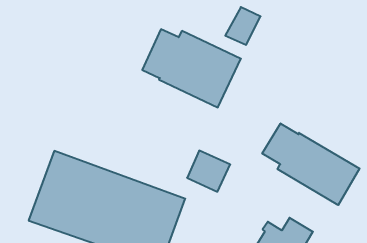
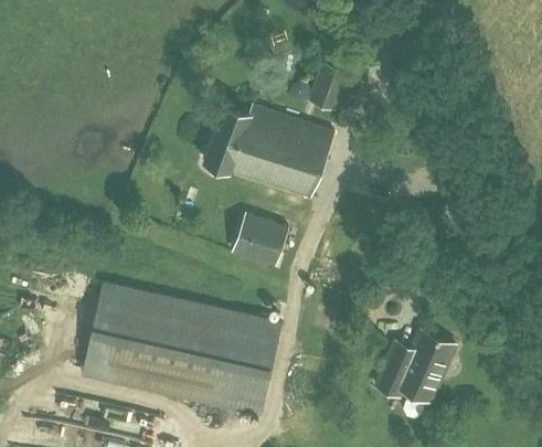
building: [262,123,360,205] -> none
building: [187,151,230,192] -> [234,214,288,265]

